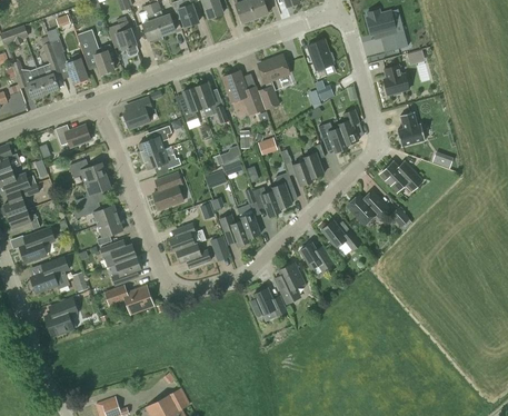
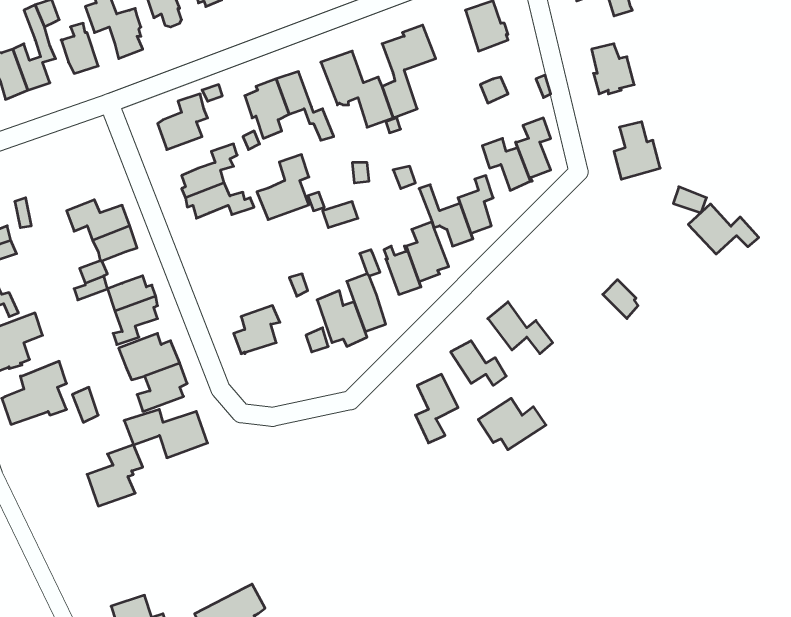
building: [56,125,91,148] -> none
building: [380,162,422,192] -> [688,204,759,254]
building: [152,171,183,210] -> [257,155,309,220]
building: [347,191,388,226] -> none
building: [176,244,211,269] -> none
building: none -> [478,398,546,450]
building: [249,288,286,316] -> none
building: [44,299,78,336] -> [87,445,143,506]

